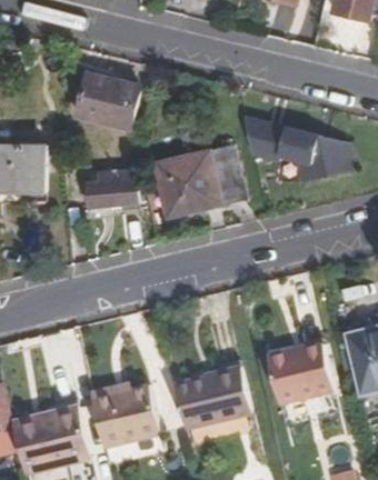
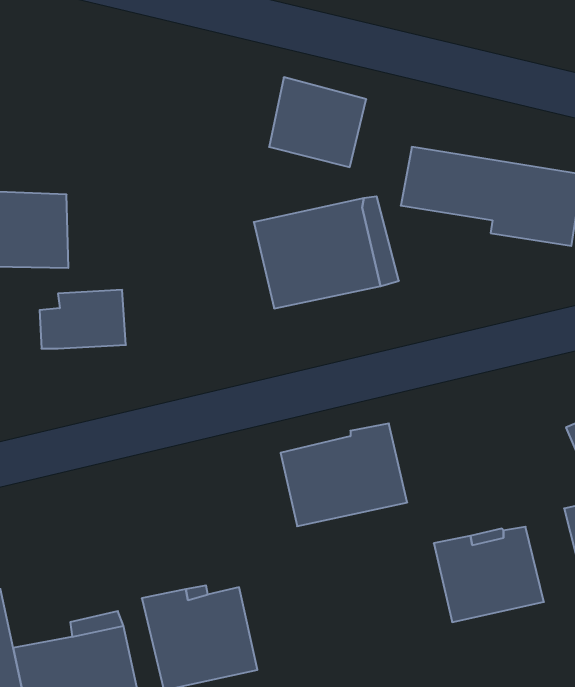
building: [68,73,127,128] -> [269,77,366,167]
building: [84,171,137,207] -> [40,290,126,349]
building: [172,367,249,429] -> [281,423,407,526]

